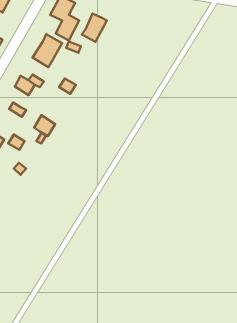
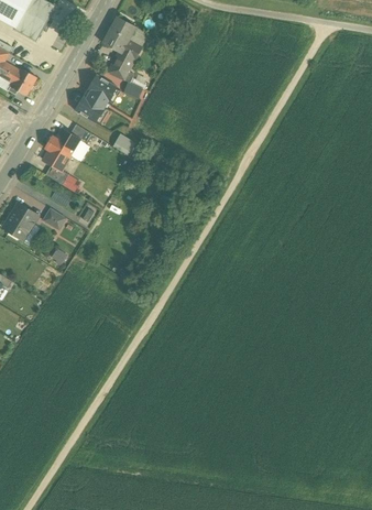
building: [82,14,107,42] -> none
building: [34,115,55,136] -> [42,142,70,171]

